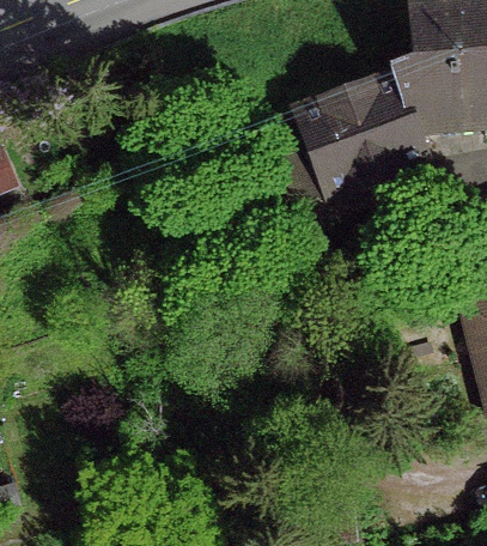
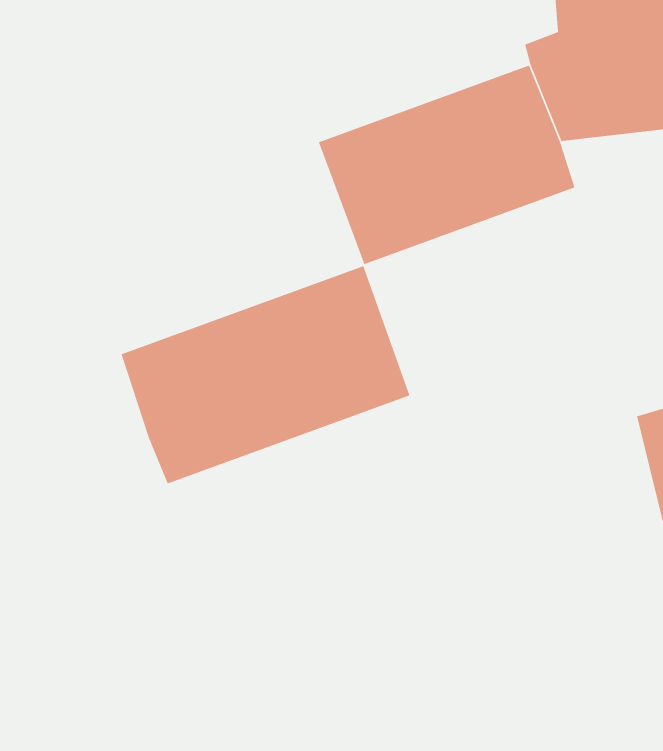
building: none -> [121,265,410,485]

